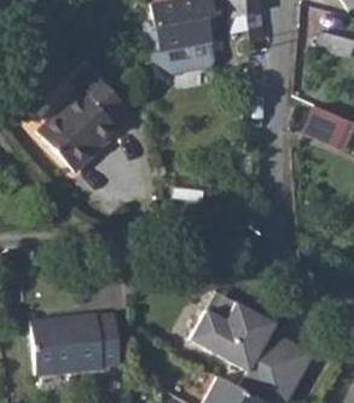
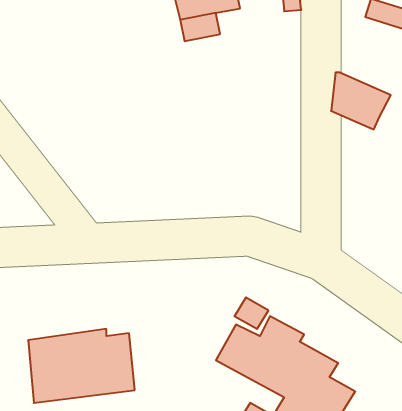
building: [40,67,129,172] -> none

